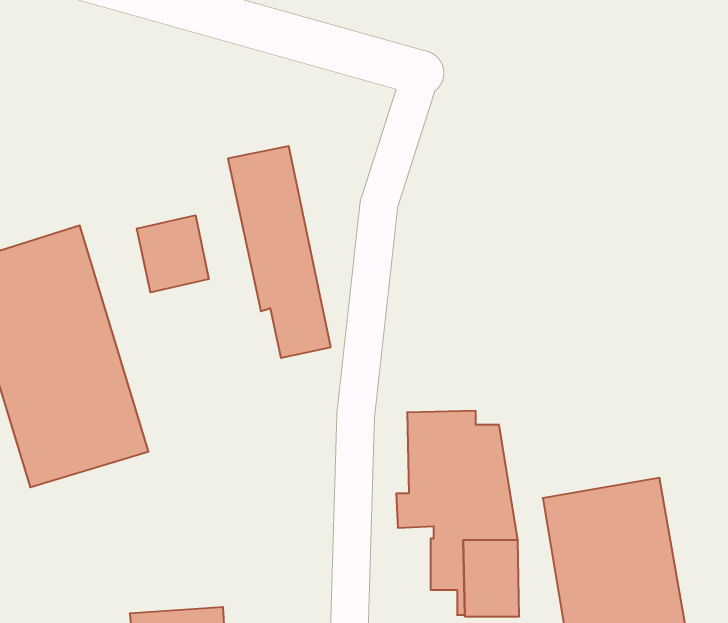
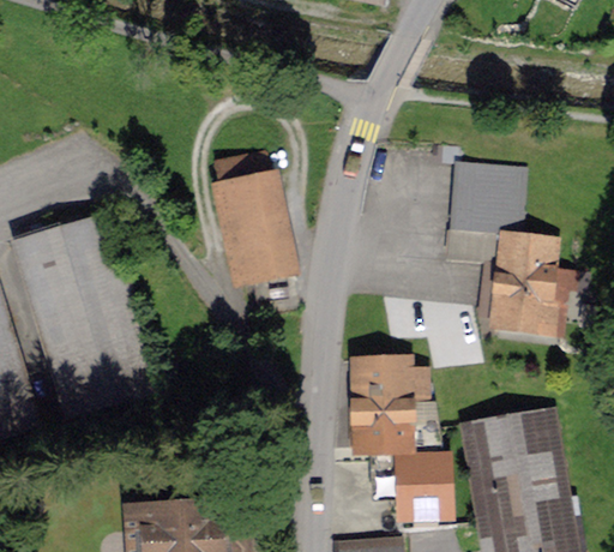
building: none -> [449,160,588,324]
building: [137,215,209,292] -> none

